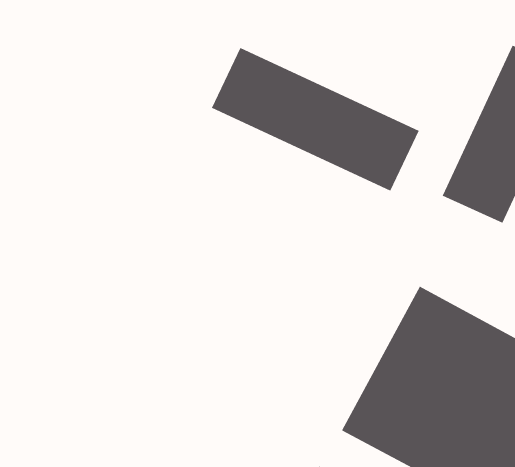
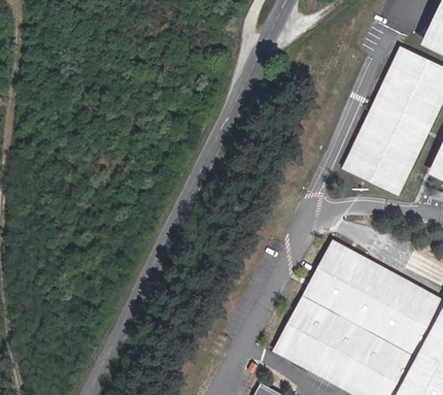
building: [211,47,420,192] -> none

